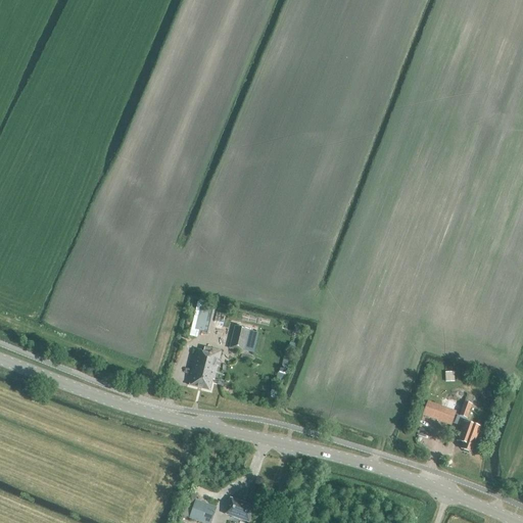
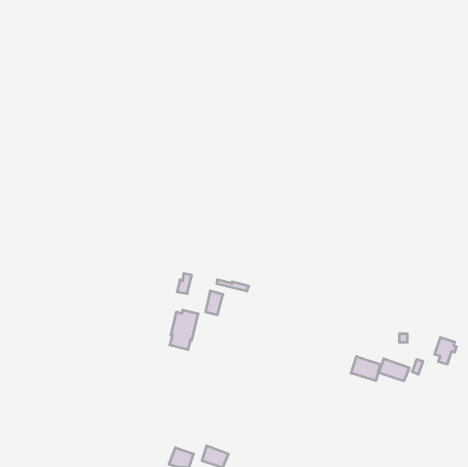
building: none -> [351,356,380,381]
building: [458,421,482,450] -> [435,338,457,364]

